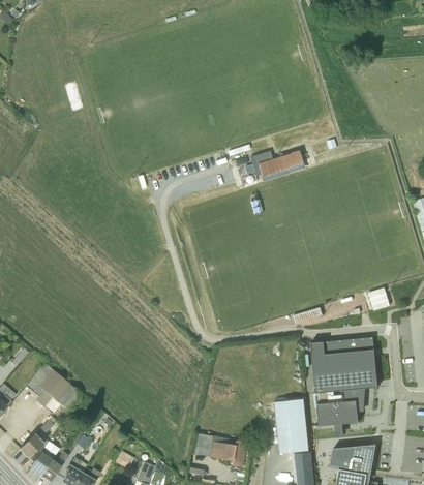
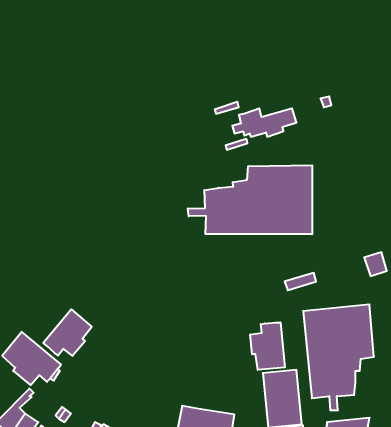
building: none -> [188,165,312,234]
building: none -> [43,309,92,356]
building: none -> [250,322,285,370]

